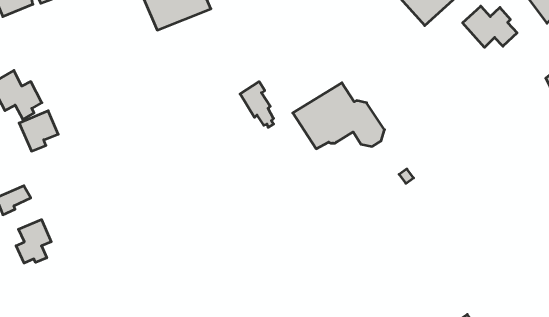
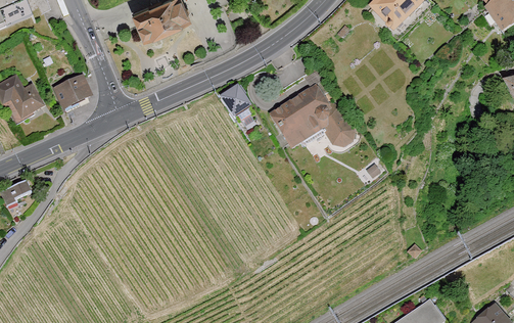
building: [463,6,517,47] -> none
building: [19,111,58,151] -> [54,75,90,111]
building: [16,220,51,263] -> none

